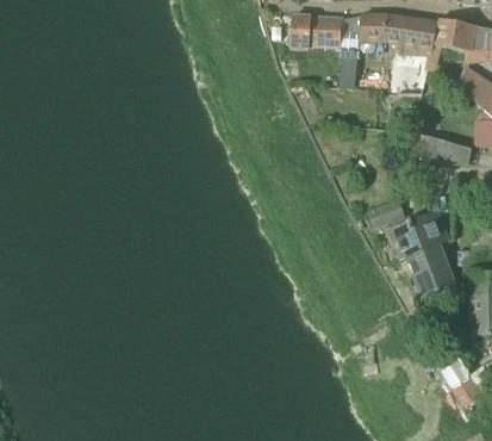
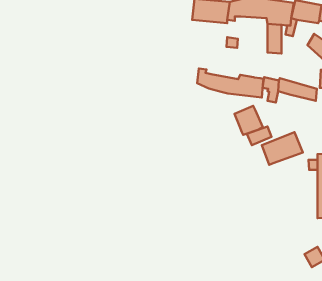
building: none -> [197,69,264,97]
building: none -> [234,106,263,135]
building: [409,243,457,299] -> none

